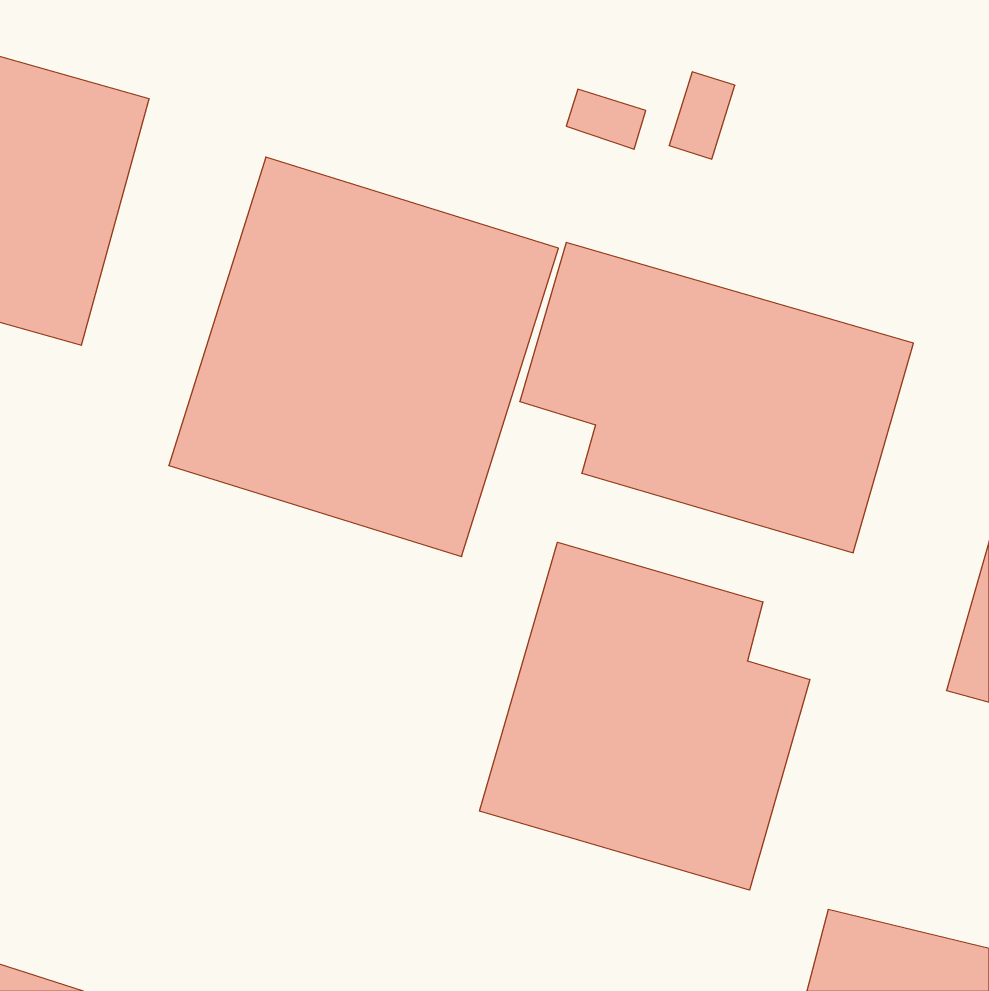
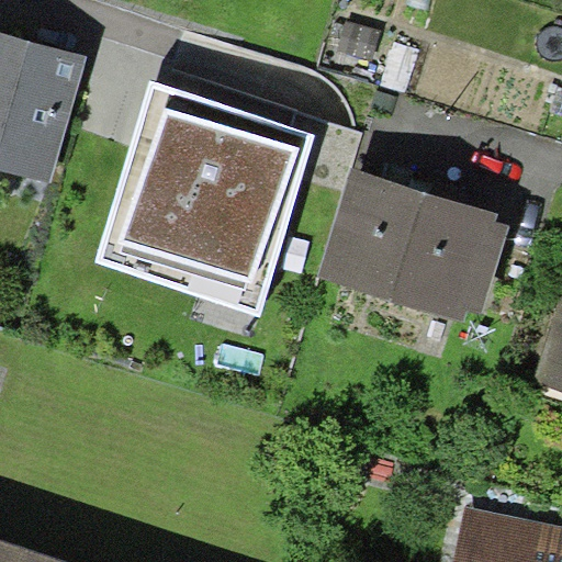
building: [479,542,810,890] -> none

